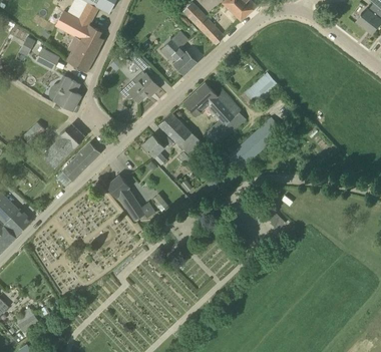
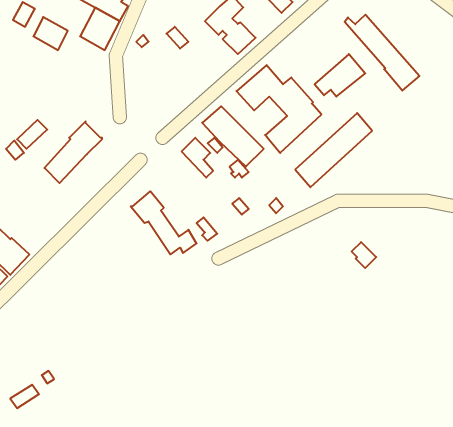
building: none -> [345,15,419,91]
building: [127,73,158,102] -> none
building: [53,77,80,110] -> none
building: [55,142,100,187] -> none

